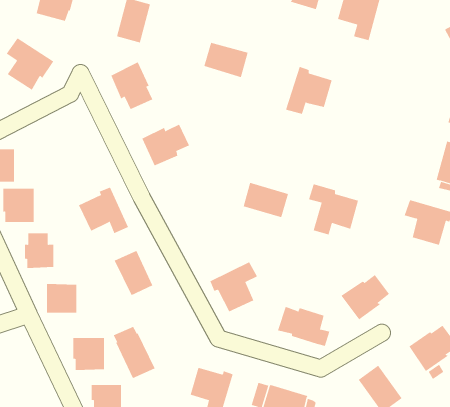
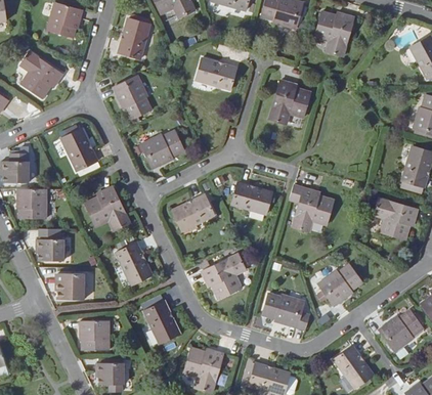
building: none -> [61,128,97,170]
building: none -> [172,193,215,229]
building: [113,326,155,379] -> [142,295,180,342]

